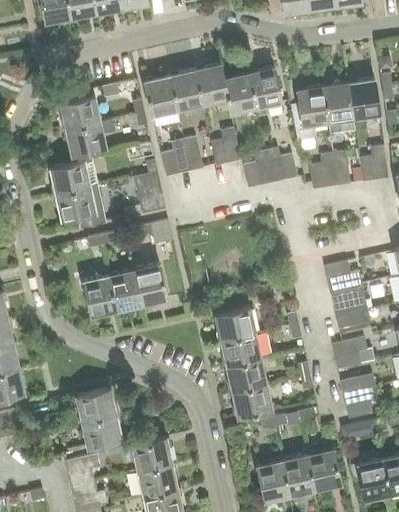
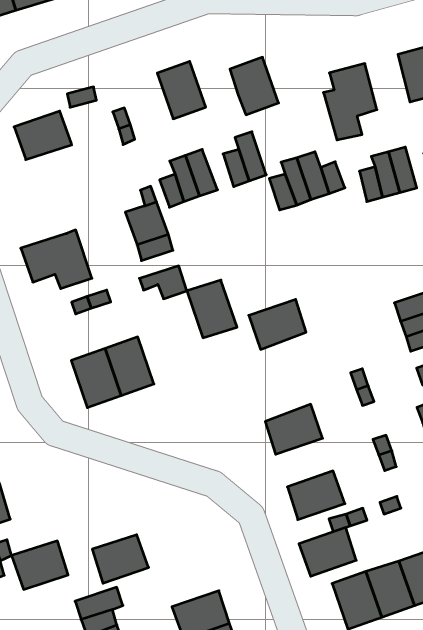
building: [194,65,227,106] -> none
building: [248,68,282,117] -> none
building: [143,77,177,118] -> none
building: [323,83,353,122] -> none
building: [65,120,115,156] -> none
building: [49,162,89,195] -> none
building: [133,265,167,306] -> [187,280,237,338]
building: [214,309,255,343] -> [249,299,306,349]
building: [225,360,266,393] -> [299,528,356,576]
building: [76,390,116,423] -> [12,541,68,589]
building: [131,438,172,472] -> none

